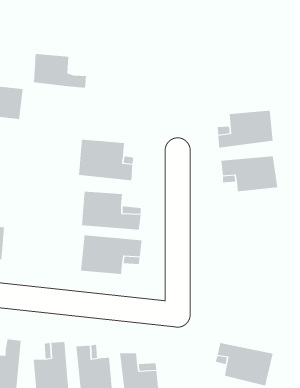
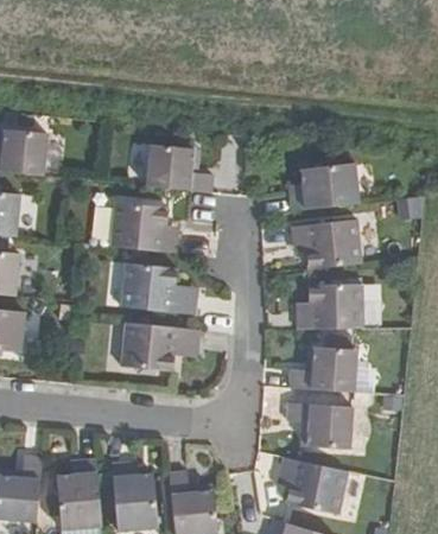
building: [33,54,87,88] -> [140,146,209,190]
building: none -> [301,288,369,326]
building: none -> [298,348,366,390]
building: none -> [297,401,362,446]

